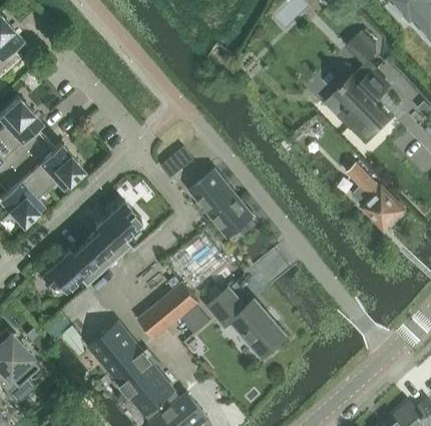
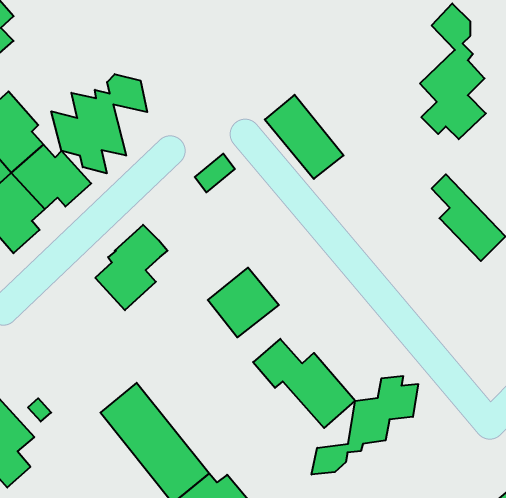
building: none -> [51,74,147,173]
building: [191,171,253,237] -> [265,95,344,179]
building: [41,243,108,291] -> none
building: [139,284,212,340] -> none
building: none -> [312,376,418,475]

